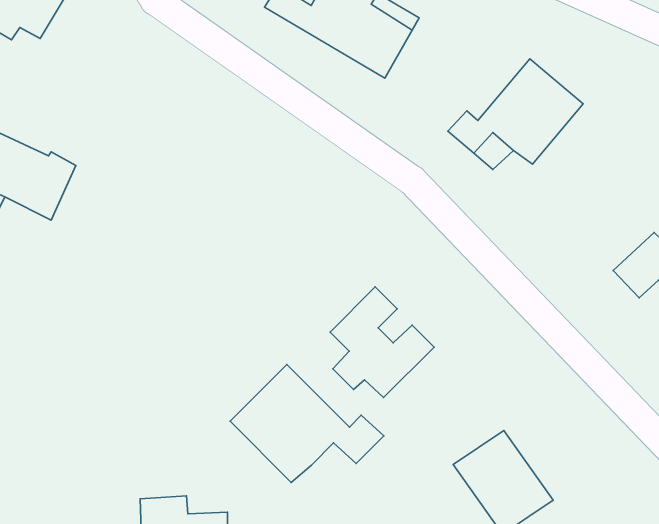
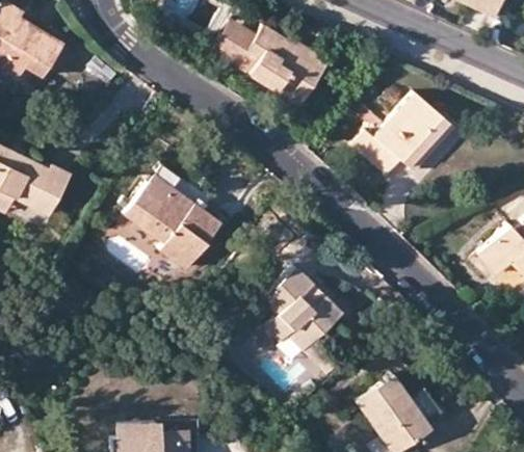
building: none -> [124,156,220,268]
building: [230,365,384,483] -> none

